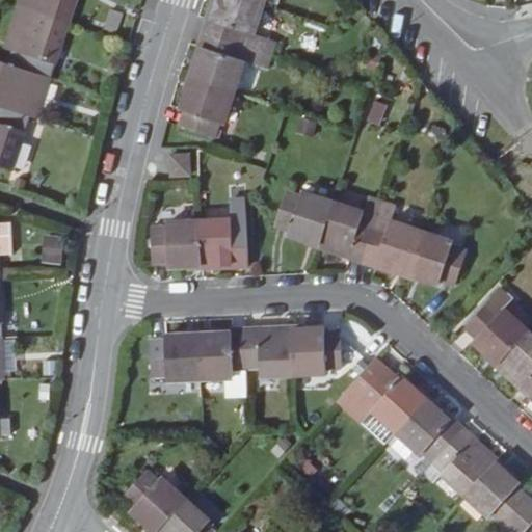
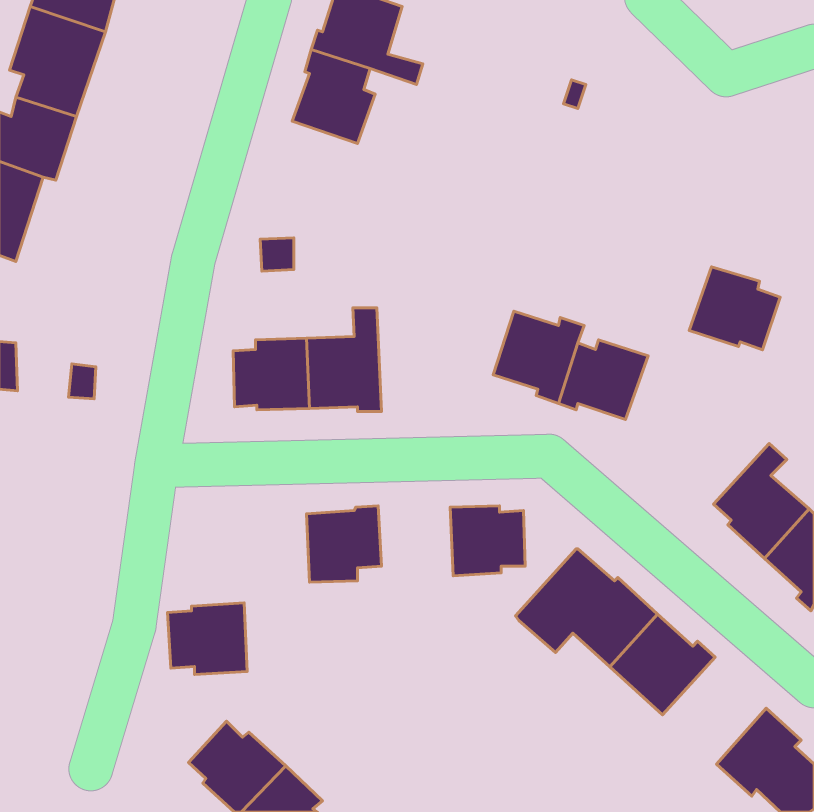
building: [180,79,233,137] -> none
building: [274,191,335,244] -> none
building: [407,232,467,286] -> [689,267,780,350]
building: [246,329,295,377] -> none
building: [150,335,202,381] -> [167,603,247,675]
building: [431,428,499,498] -> none

